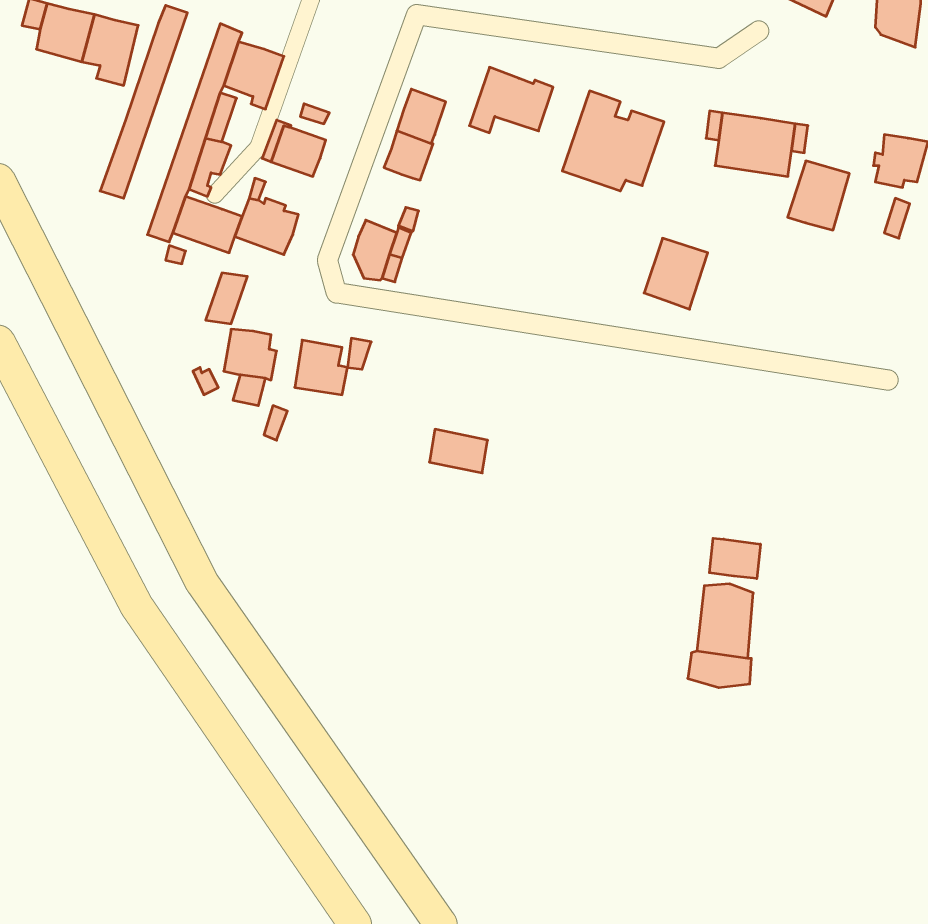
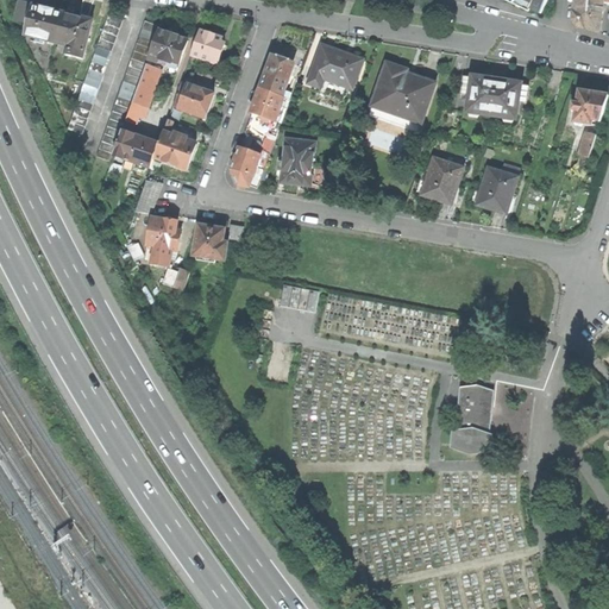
building: none -> [190,27,224,63]
building: [788,161,849,230] -> [476,165,516,211]
building: none -> [281,137,315,183]
building: [709,538,760,579] -> none

